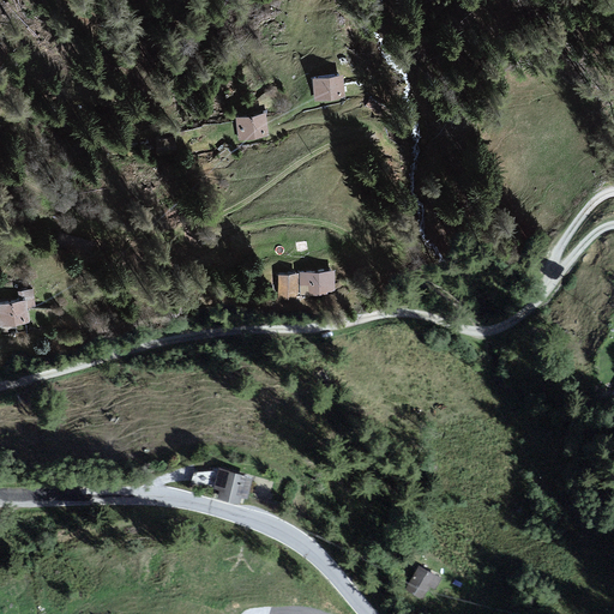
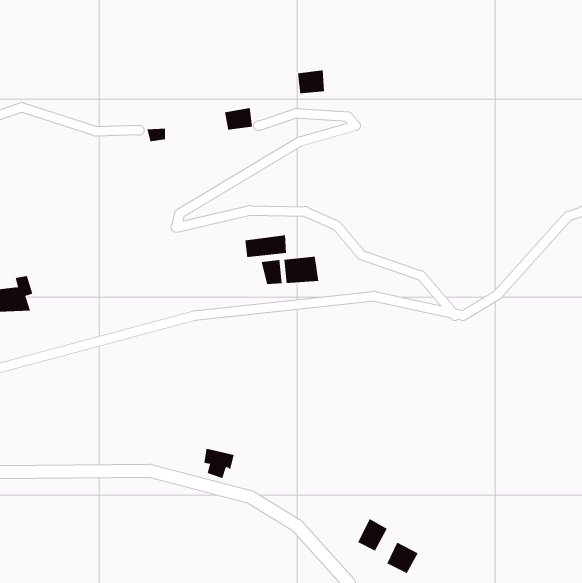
building: none -> [245,234,286,258]
building: none -> [357,518,388,552]

